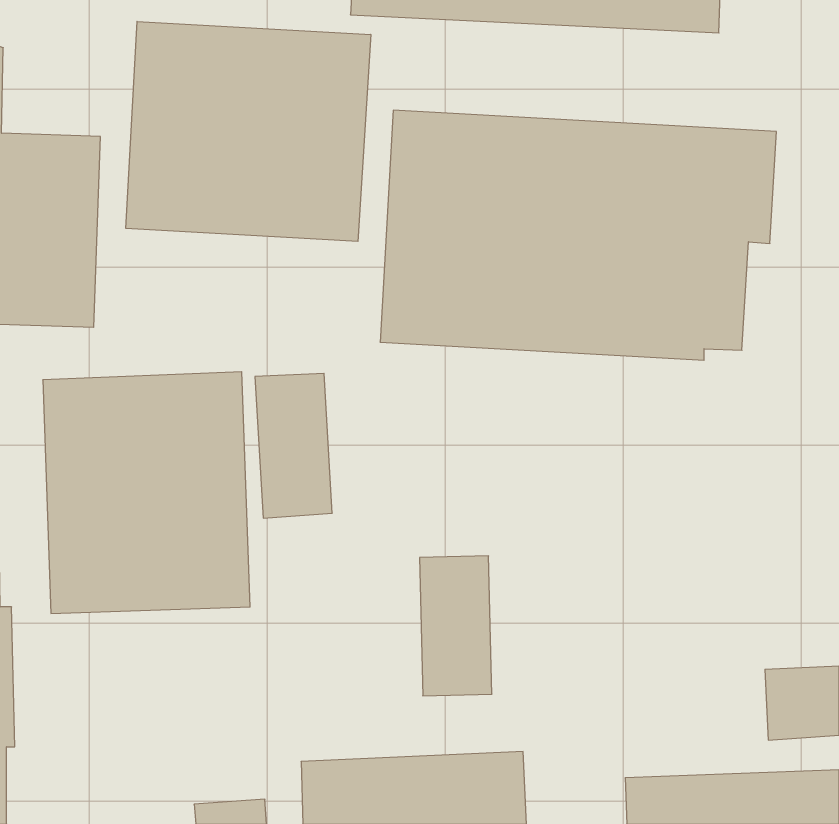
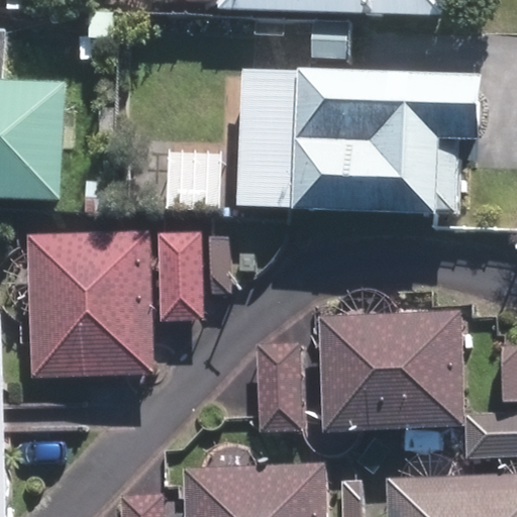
building: [126,21,371,241] -> none
building: none -> [318,311,463,429]

